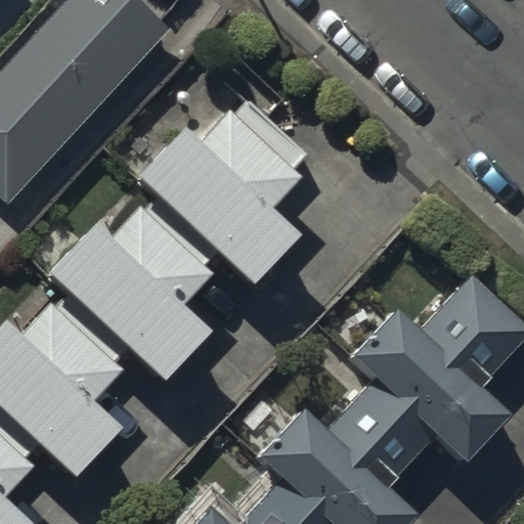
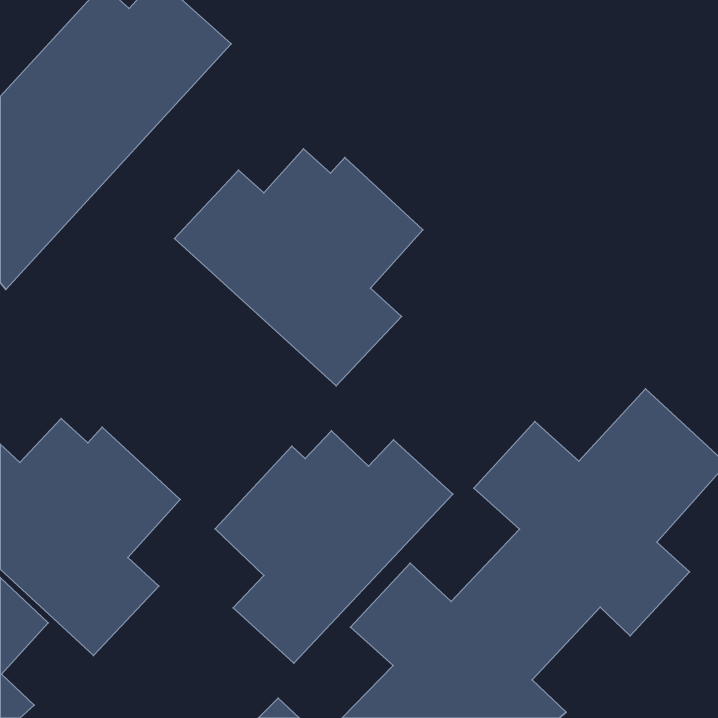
building: [41,205,220,376] -> none
building: none -> [215,431,453,663]

